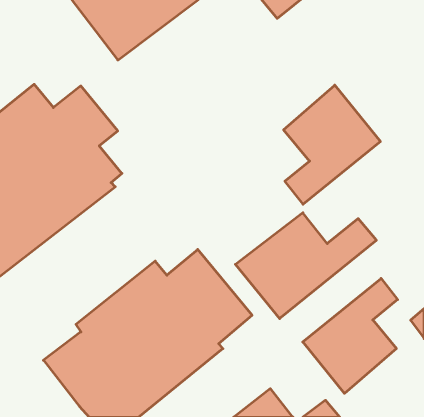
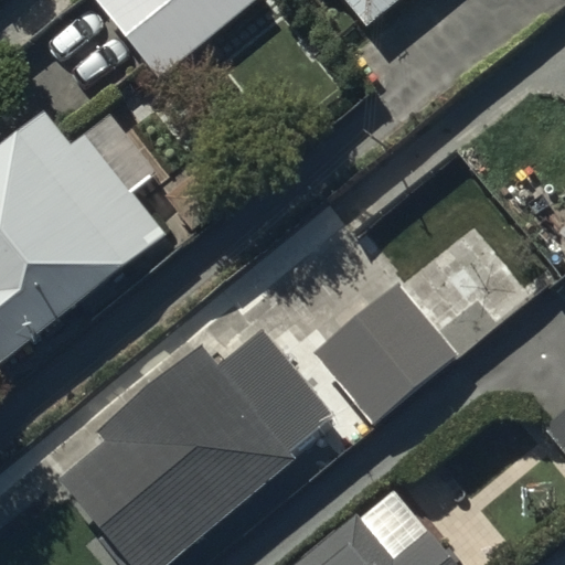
building: [284,85,380,204] -> none
building: [303,278,398,393] -> none

